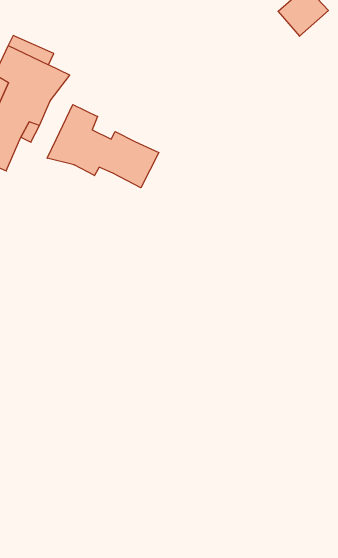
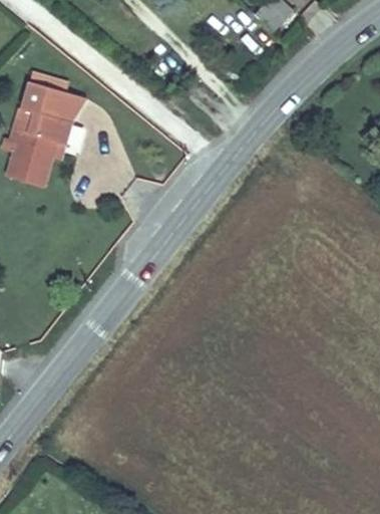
building: [47,105,159,188] -> none

